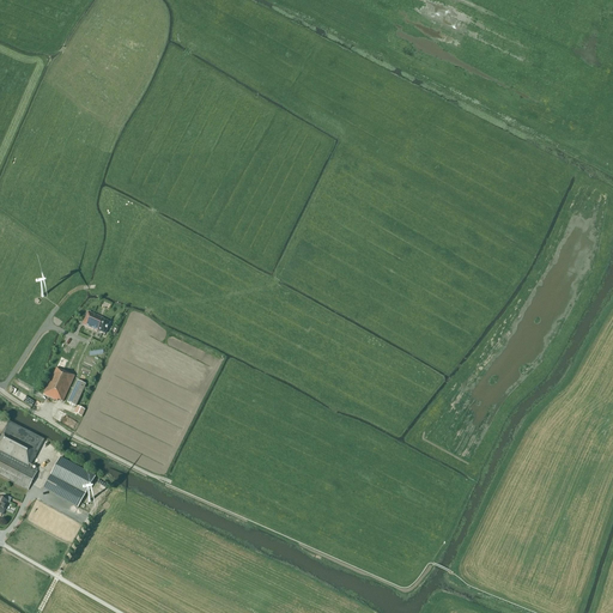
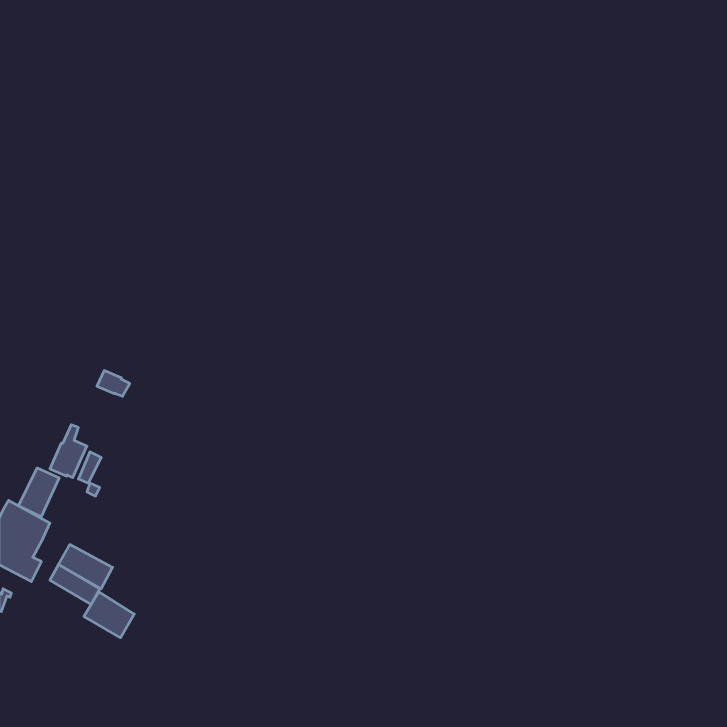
building: none -> [19,468,59,517]
building: none -> [84,592,134,638]

